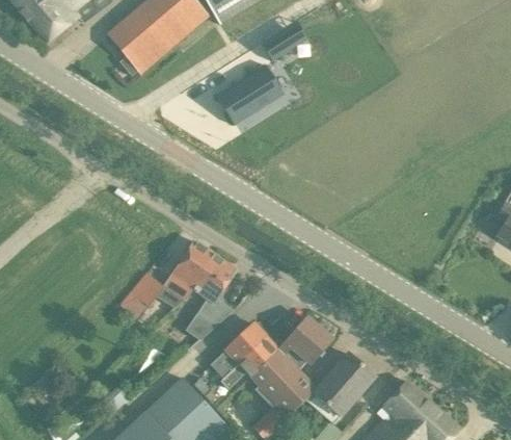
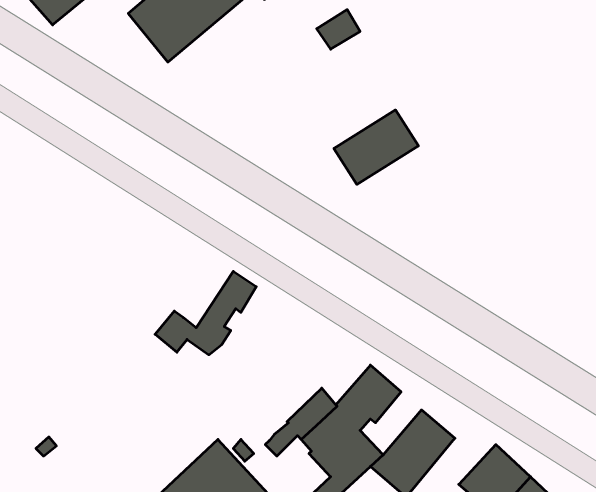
building: [216,64,285,125] -> [334,110,418,184]
building: [187,253,236,339] -> none
building: [210,322,266,378] -> none

